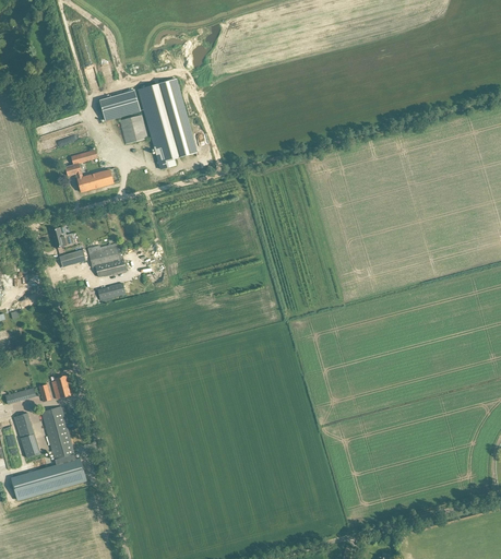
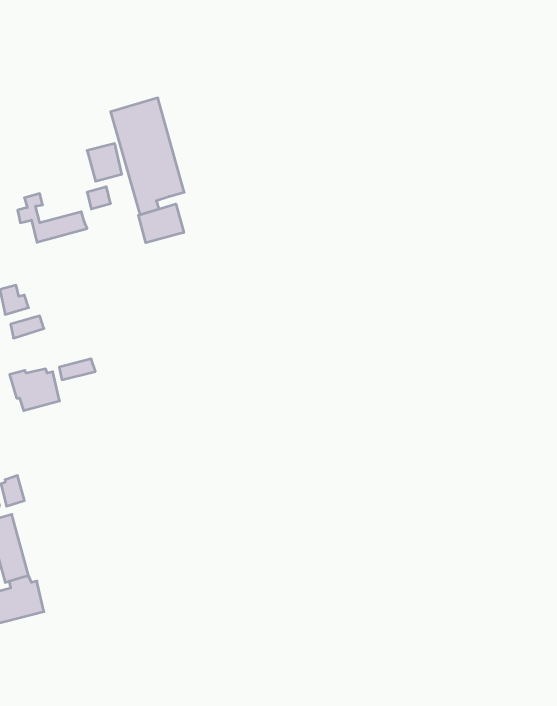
building: [98,91,140,121] -> none
building: none -> [138,204,184,243]
building: [86,245,126,277] -> [10,369,60,411]

